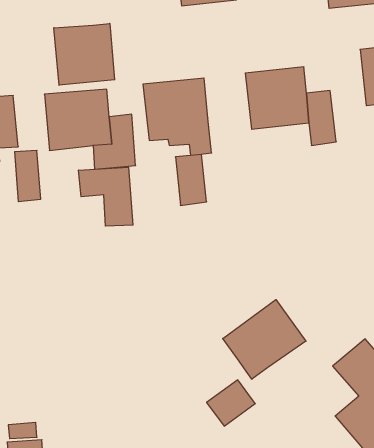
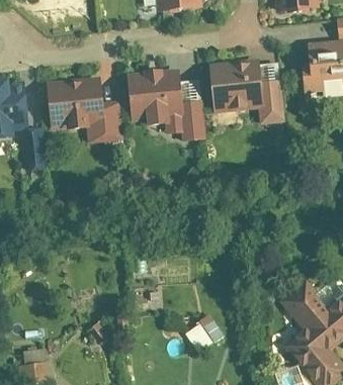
building: [54,23,115,85] -> none
building: [175,154,207,205] -> [180,100,205,141]
building: [79,167,133,226] -> none
building: [223,300,306,379] -> none

